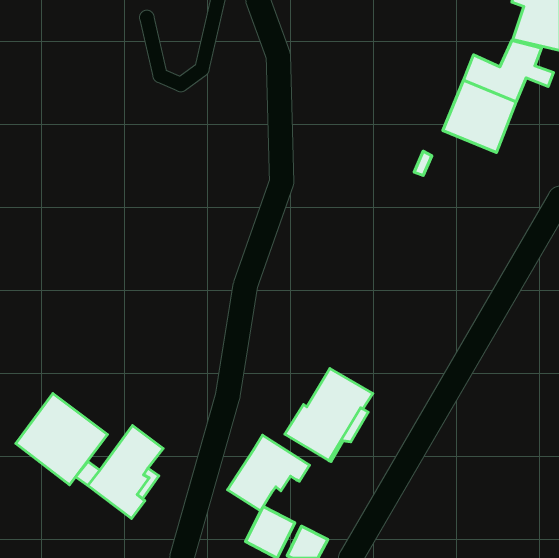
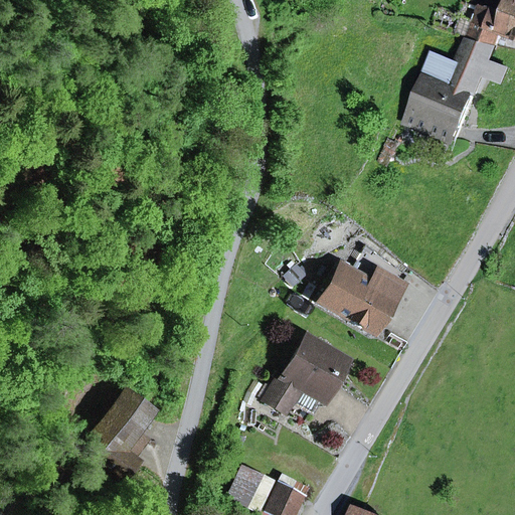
building: none -> [319,242,404,331]
building: [16,394,108,485] -> none
building: [228,435,310,511] -> none

